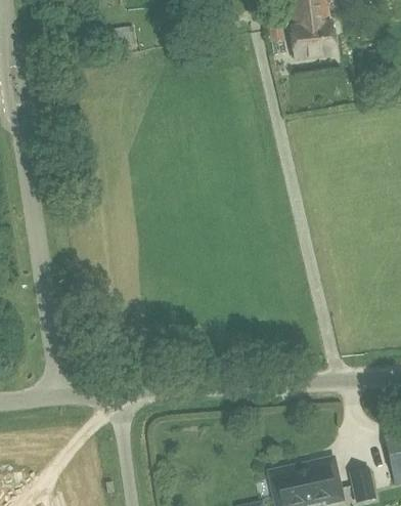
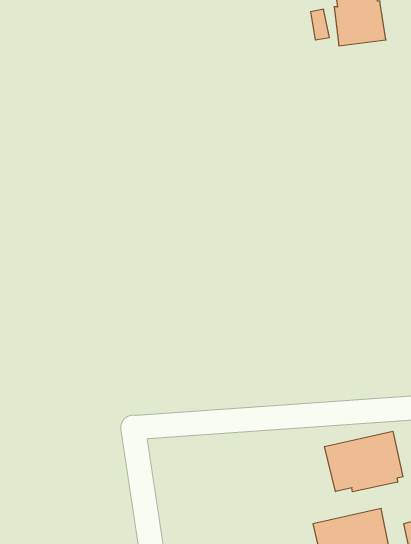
building: none -> [324,431,403,492]

